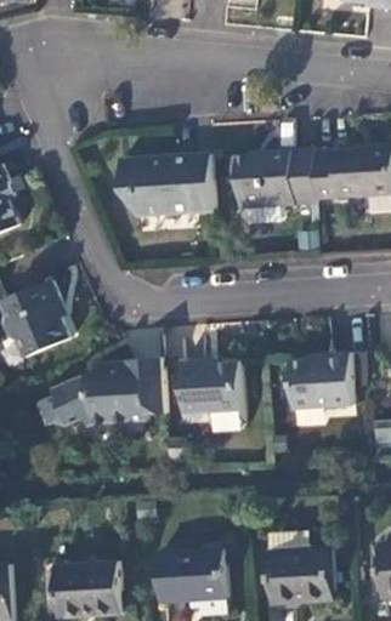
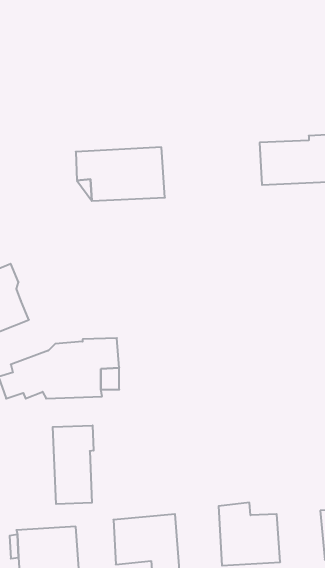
building: [227,149,316,206] -> none
building: [290,352,353,406] -> none
building: [180,358,242,417] -> none
building: none -> [53,425,94,504]

